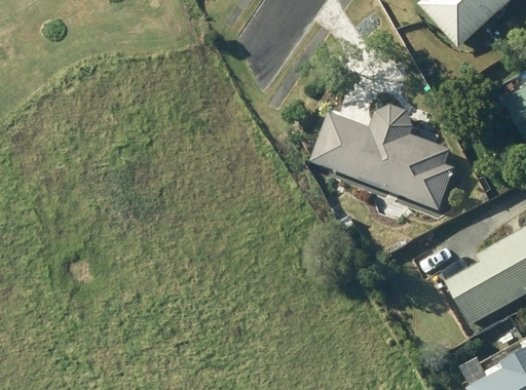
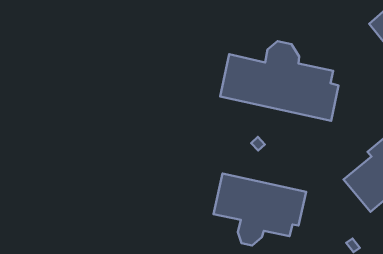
building: none -> [214,174,306,245]

